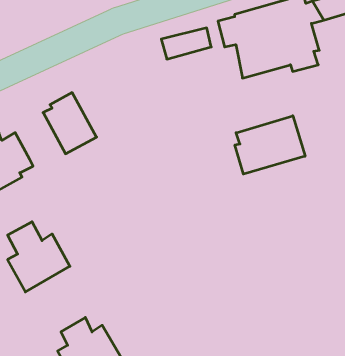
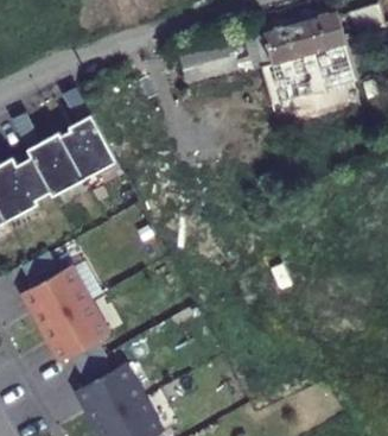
building: none -> [26,131,83,196]
building: [235,116,305,174] -> none
building: none -> [40,298,107,368]

